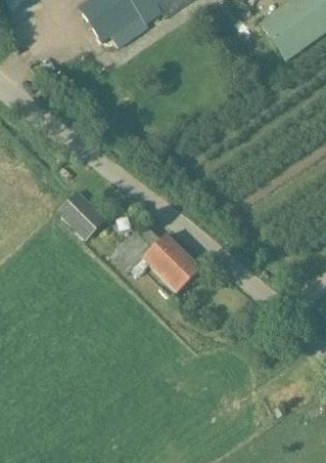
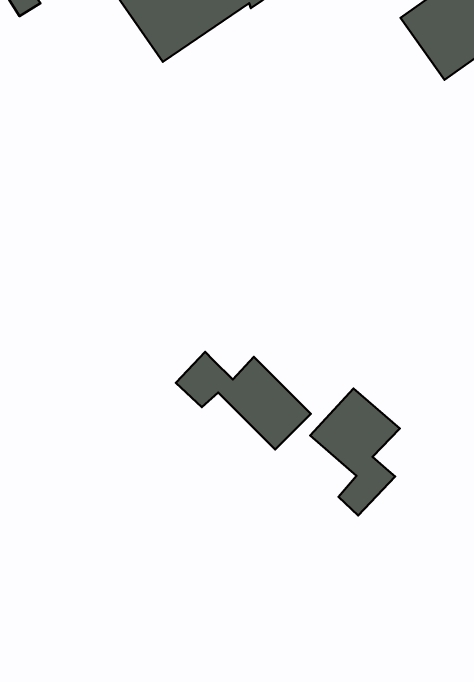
building: [58,191,105,238] -> none
building: none -> [310,388,400,516]

